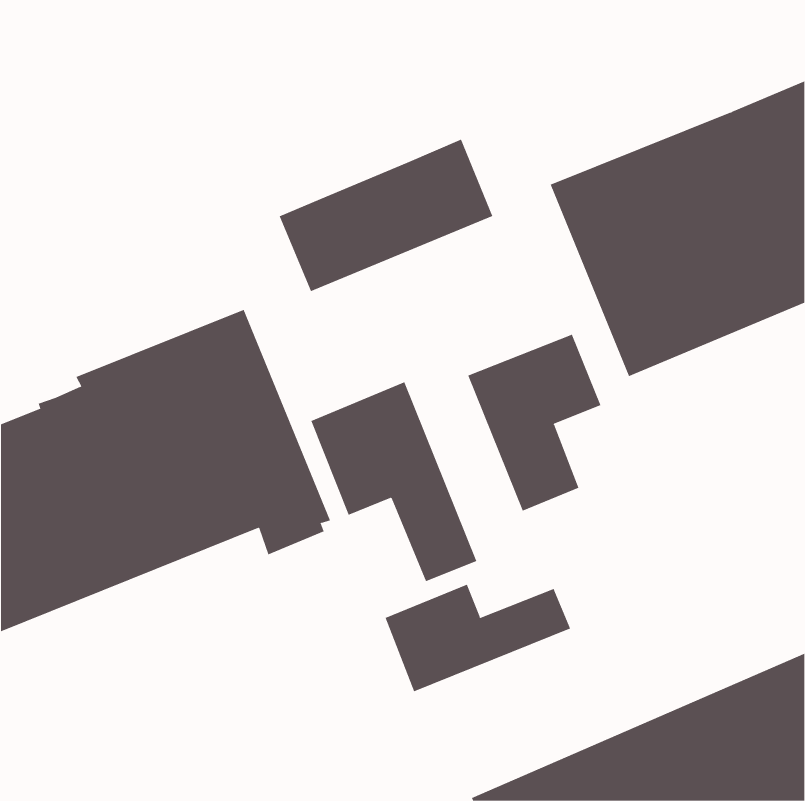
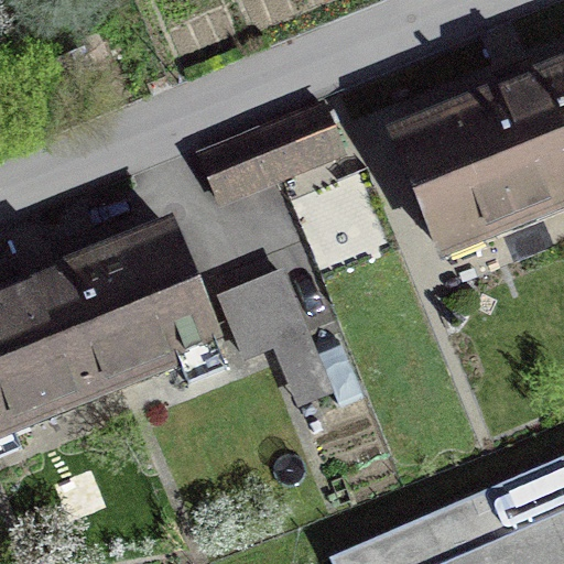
building: [468,334,601,512] -> none
building: [385,584,571,692] -> none

